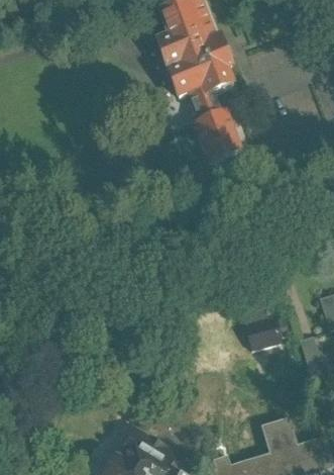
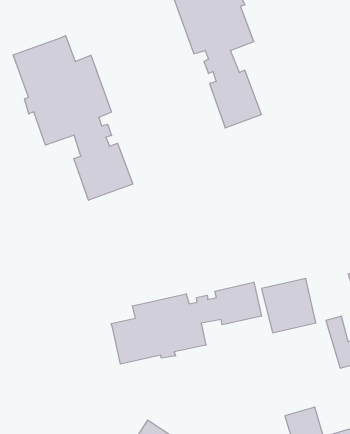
building: none -> [13,36,133,200]
building: none -> [111,282,261,364]

